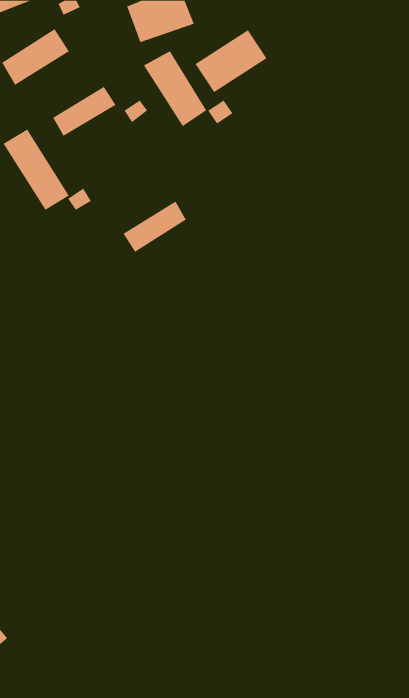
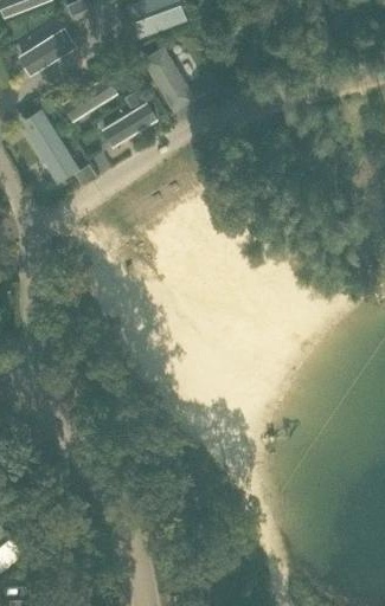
building: [195,29,267,93] -> none
building: [122,201,187,253] -> [102,103,158,148]

